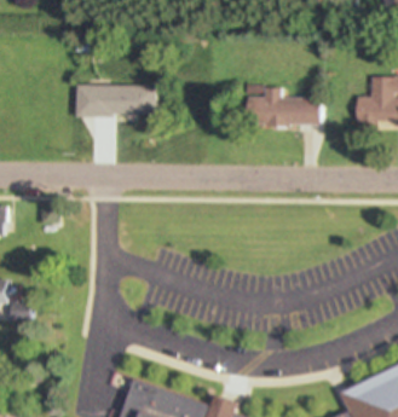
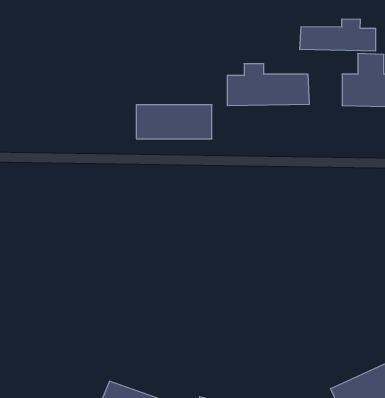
building: none -> [300,19,376,51]
building: [82,85,152,116] -> [136,105,212,139]

